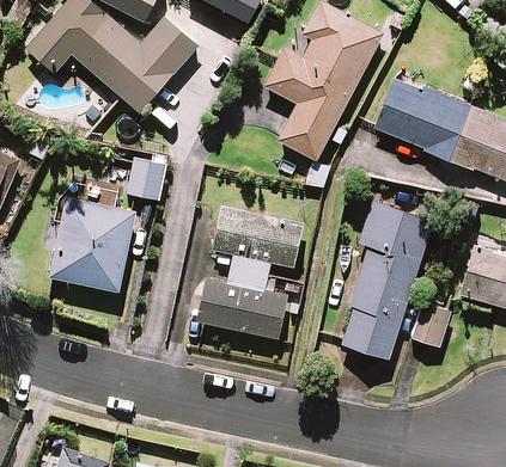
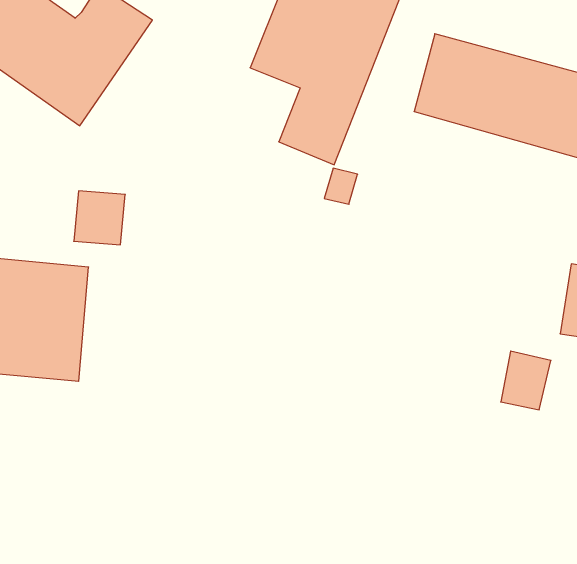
building: [341,199,435,358] -> none
building: [196,208,300,338] -> none

